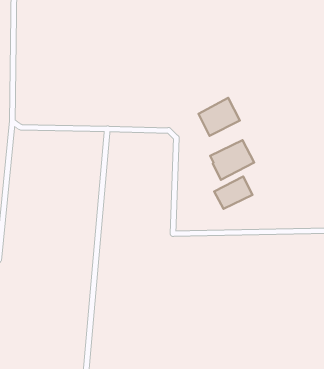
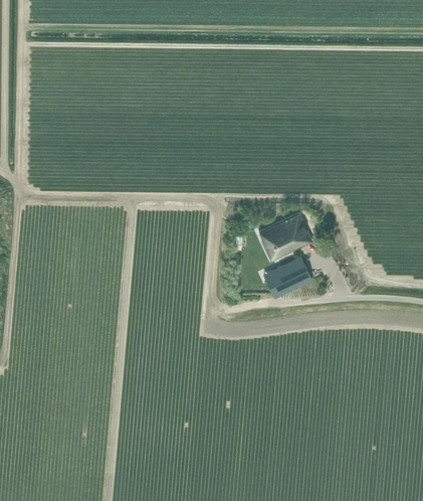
building: [198,98,240,136] -> none

